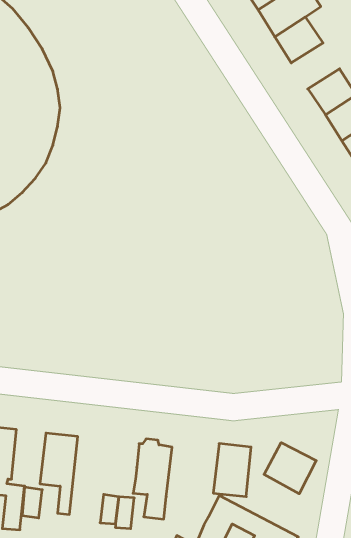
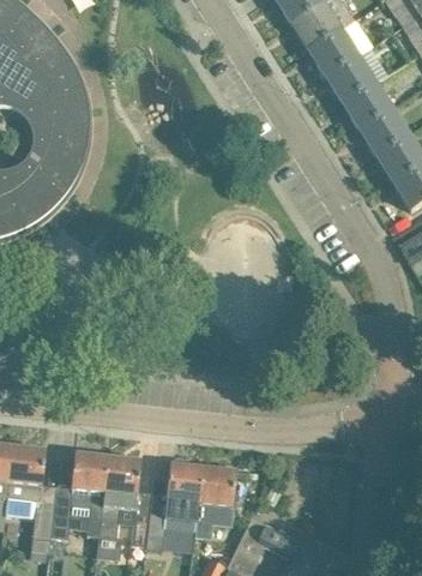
building: none -> [325,56,374,103]
building: none -> [100,457,141,539]
building: [264,443,316,494] -> none
building: [213,444,251,497] -> [198,468,236,522]

